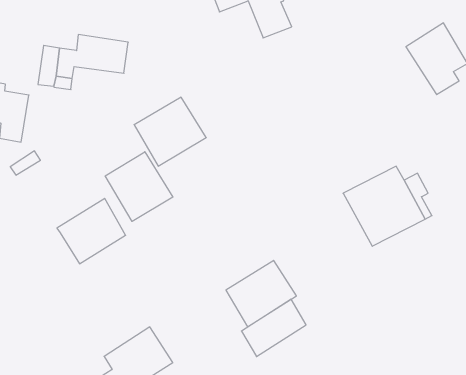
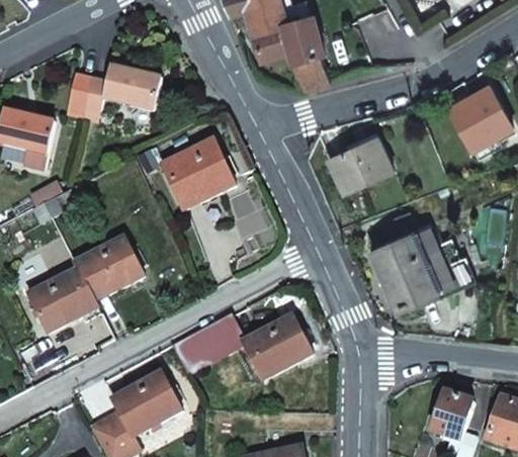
building: none -> [327,134,392,191]
building: [105,152,173,221] -> none
building: none -> [27,267,97,332]
building: [241,299,306,357] -> [172,314,239,370]
building: none -> [430,392,472,441]

